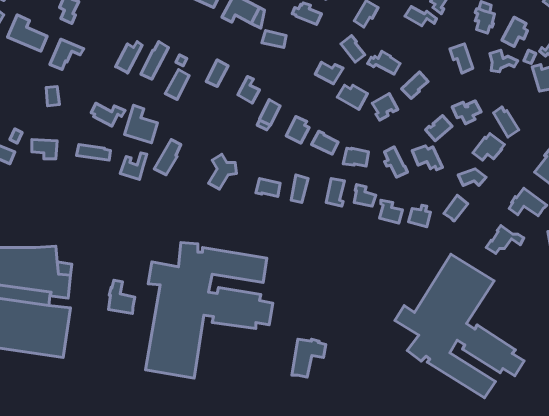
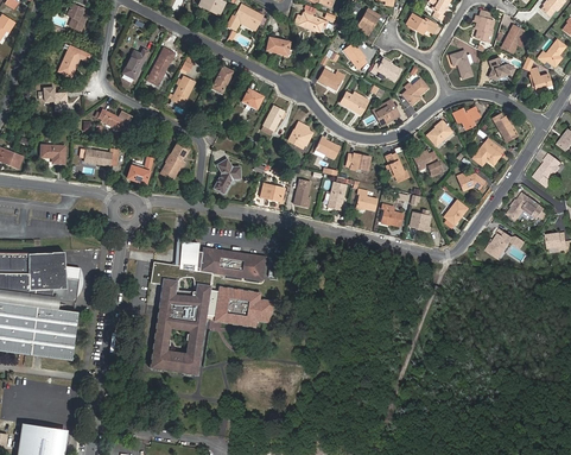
building: [8,15,47,51] -> none
building: [125,105,158,143] -> none
building: [395,254,524,398] -> none
building: [108,280,135,313] -> none
building: [292,339,326,377] -> none

